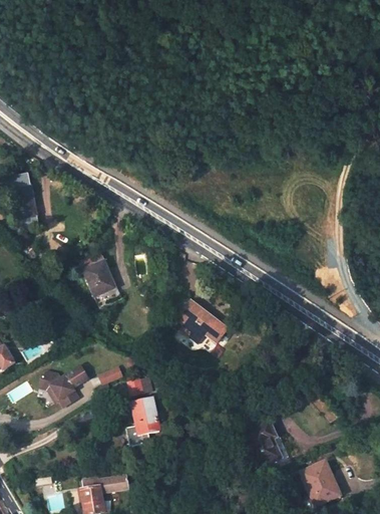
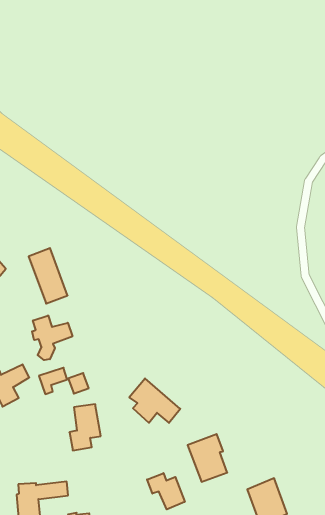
building: [177,300,227,342] -> [129,378,180,423]
building: none -> [32,315,72,360]
building: none -> [147,473,185,509]

